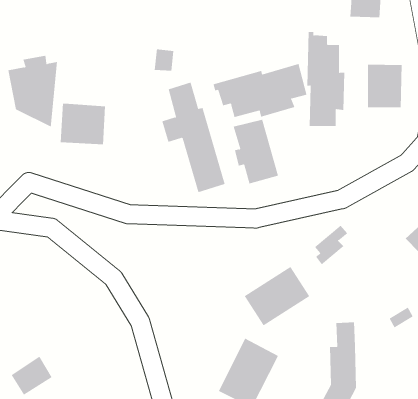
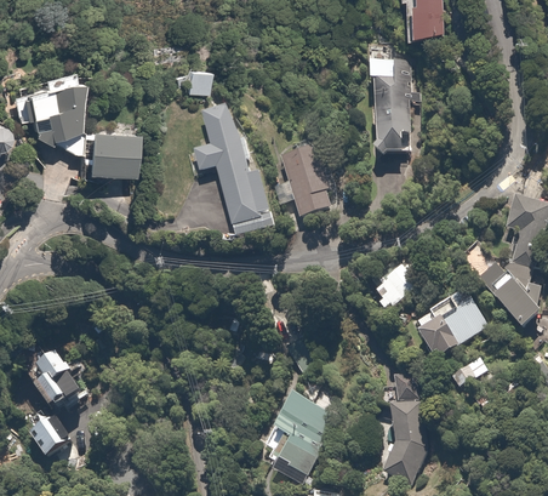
building: [213,63,307,118] -> none
building: [367,64,402,108] -> none
building: [244,266,310,326] -> [410,290,485,358]
building: none -> [39,353,87,415]

